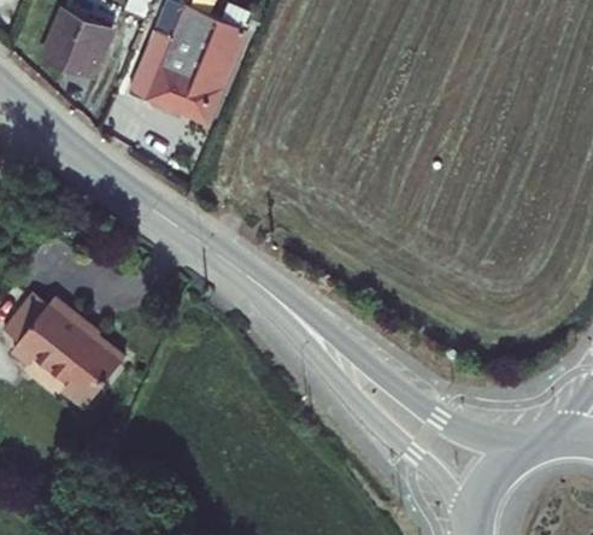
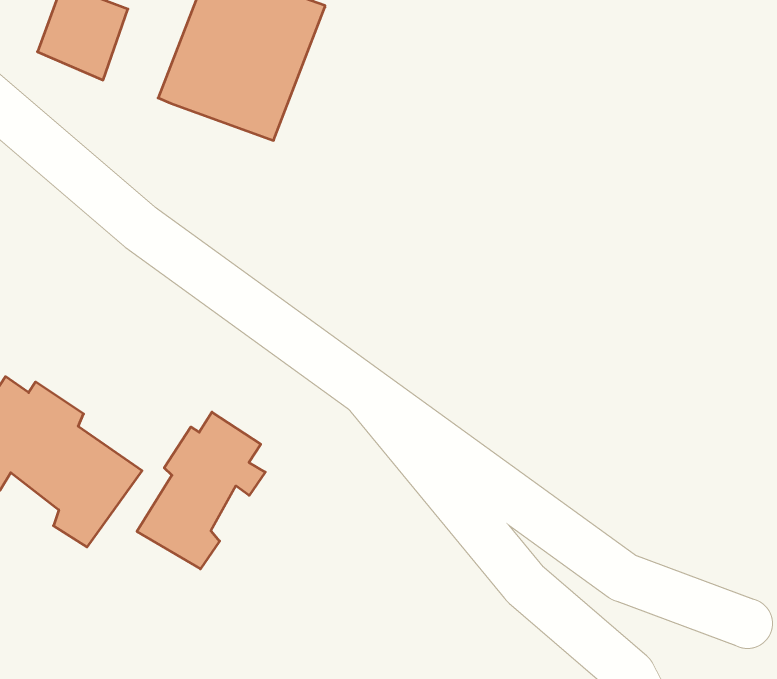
building: none -> [137,412,265,569]

